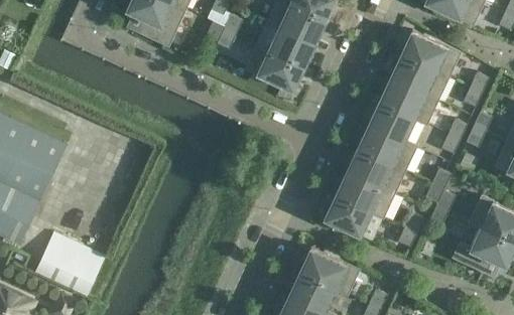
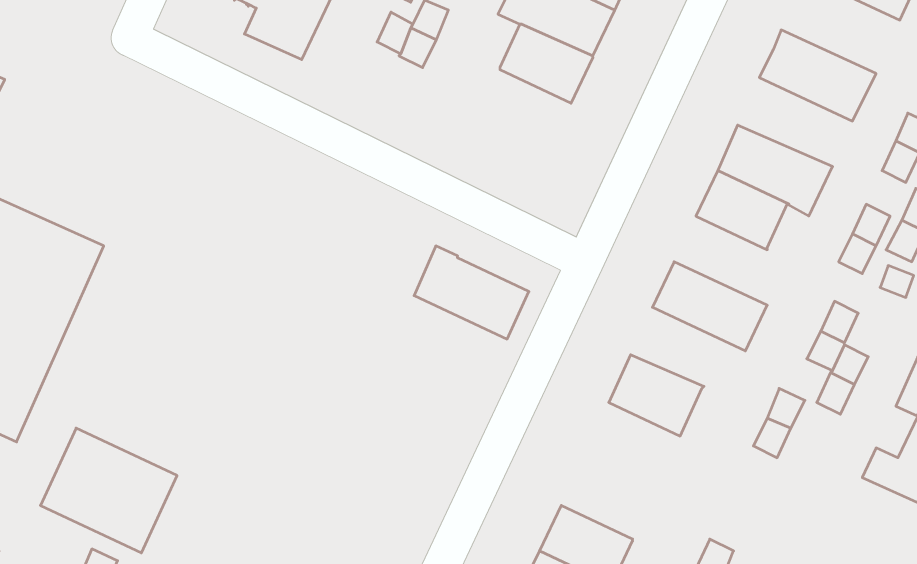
building: [246,45,304,93] -> [414,246,529,339]
building: [389,55,447,101] -> none
building: [357,126,415,171] -> none
building: [335,172,393,218] -> none
building: [299,249,358,296] -> none

